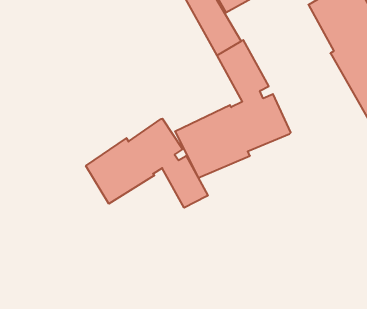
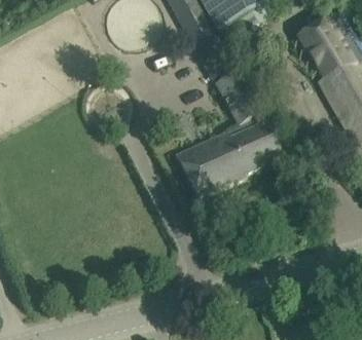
building: [86,119,208,208] -> none

